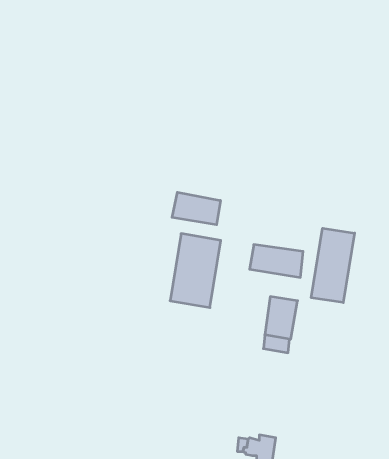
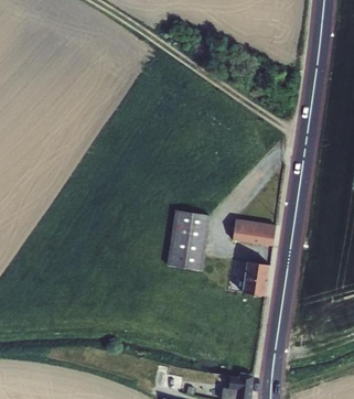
building: [172,192,220,225] -> none
building: [311,228,355,303] -> none

